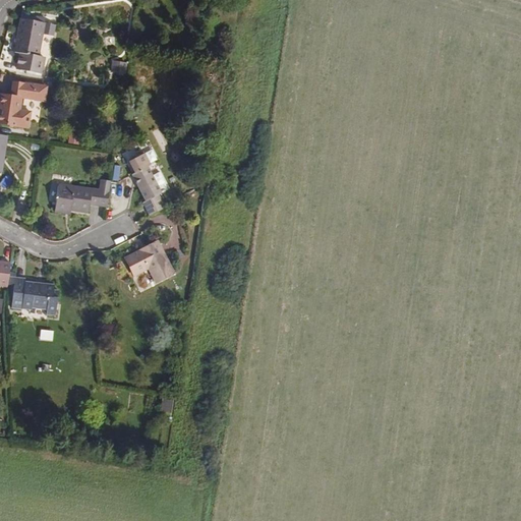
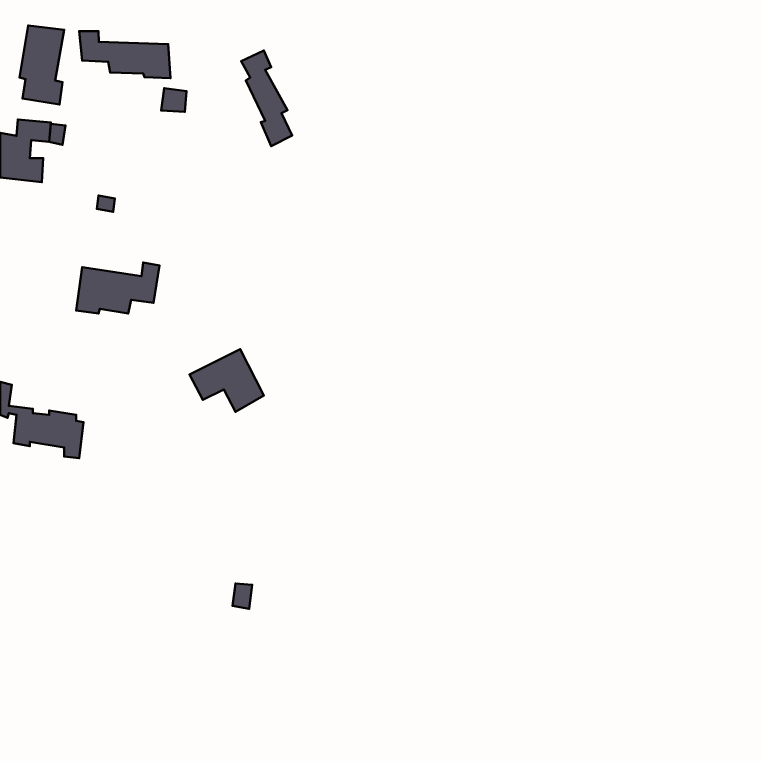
building: none -> [79,31,170,78]
building: [128,150,163,215] -> [241,51,292,146]

